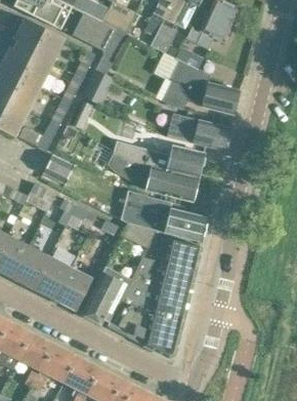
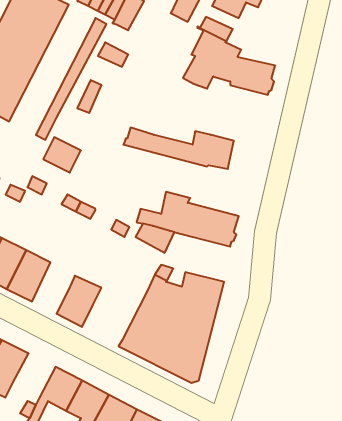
building: [165,116,231,152] -> none
building: [107,157,199,202] -> none
building: [159,238,202,273] -> none
building: [34,256,70,299] -> none
building: [81,267,131,324] -> none
building: [17,333,53,370] -> none

